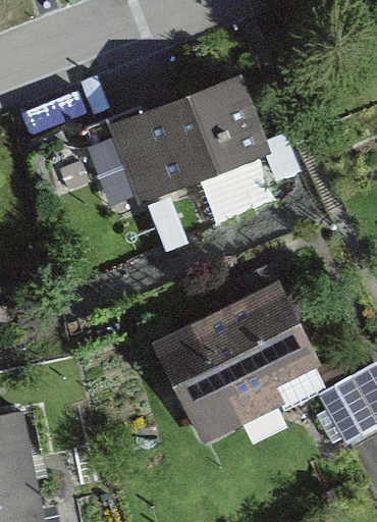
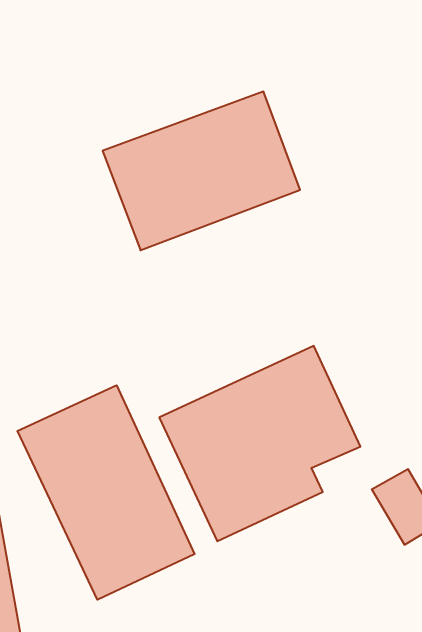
building: none -> [17,385,195,600]

